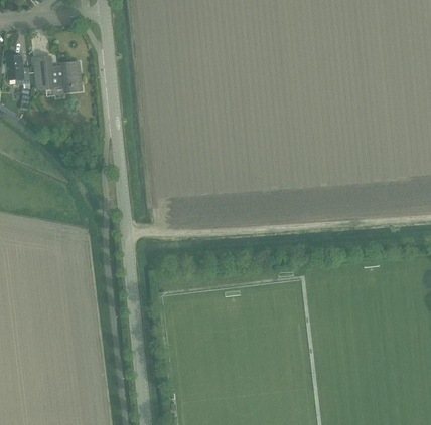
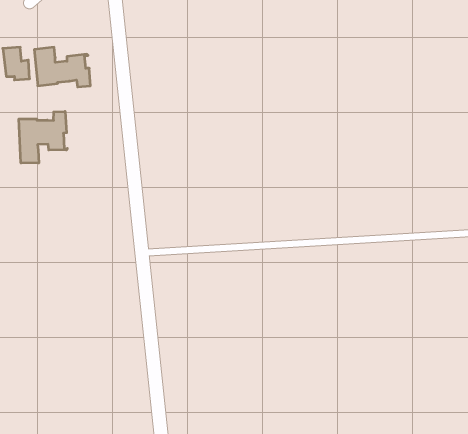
building: none -> [19,111,67,163]

